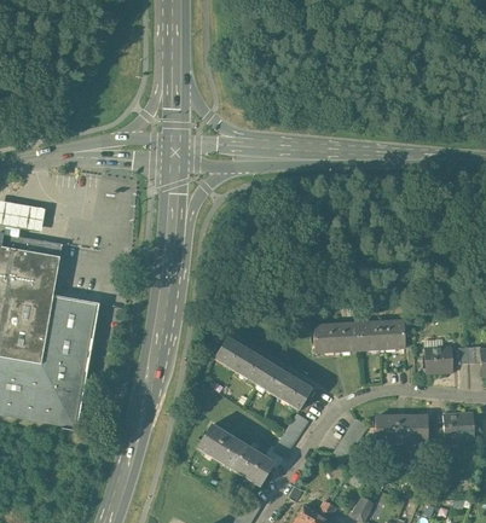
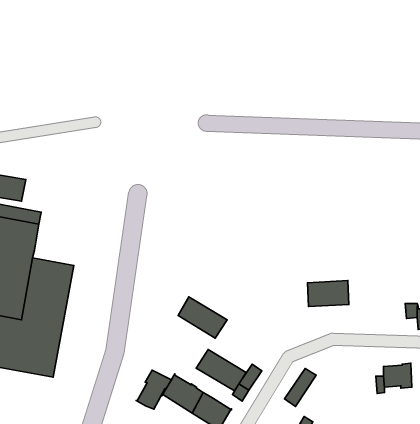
building: [313,322,359,353] -> none
building: [423,347,459,371] -> none
building: [255,364,311,409] -> [196,350,246,391]
building: [375,414,427,442] -> none
building: none -> [136,370,171,409]

